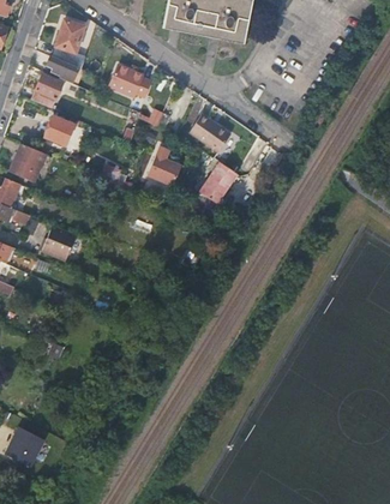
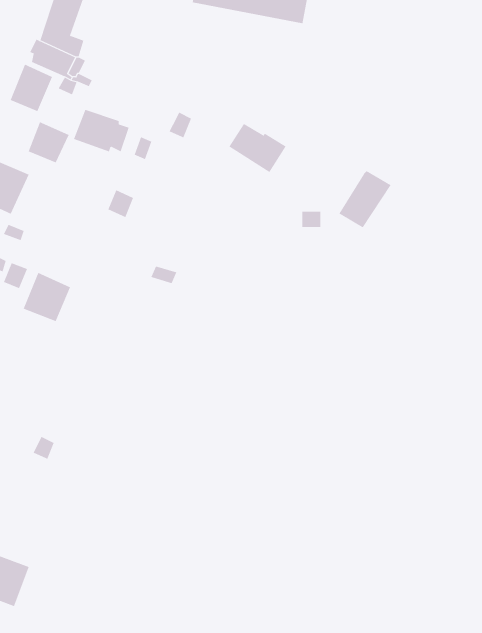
building: [112,64,152,95] -> [73,109,129,152]
building: [148,145,181,185] -> none
building: [202,161,240,203] -> [338,170,391,228]

